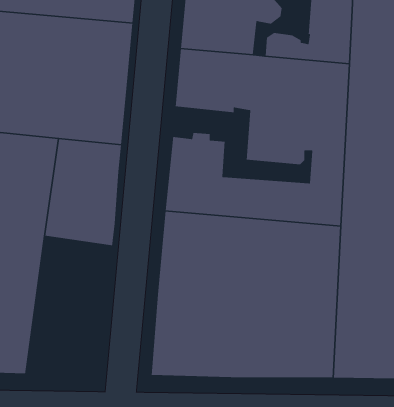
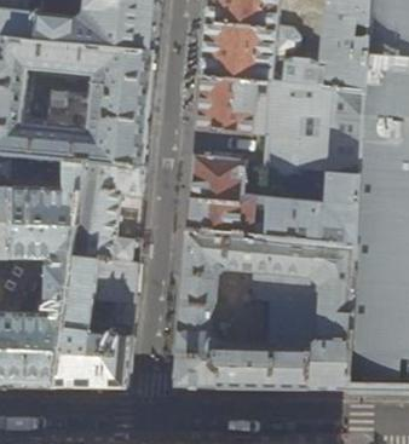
building: none -> [50,248,133,381]

